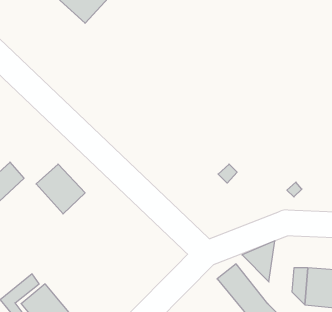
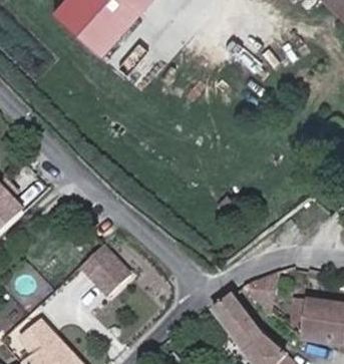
building: [36,164,85,214] -> [84,252,133,302]

